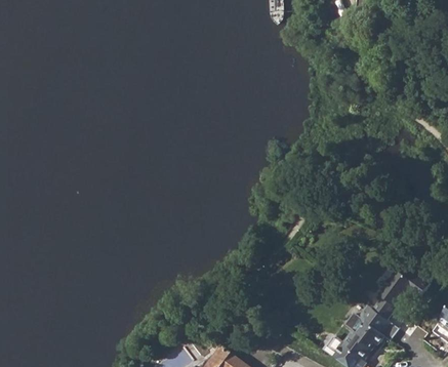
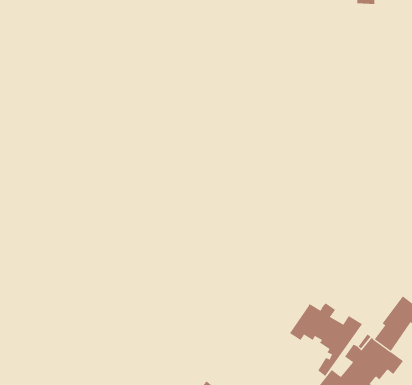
building: none -> [289,302,363,377]

